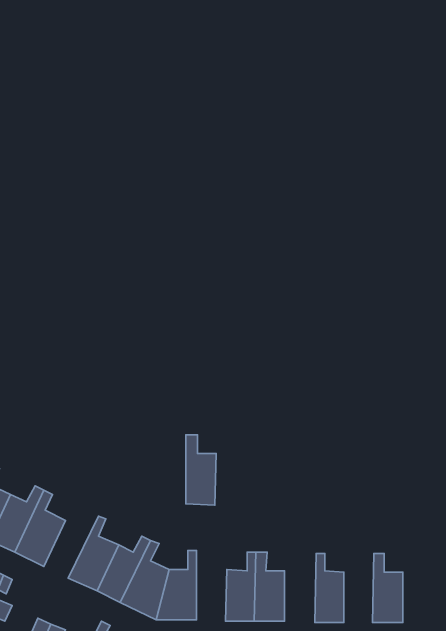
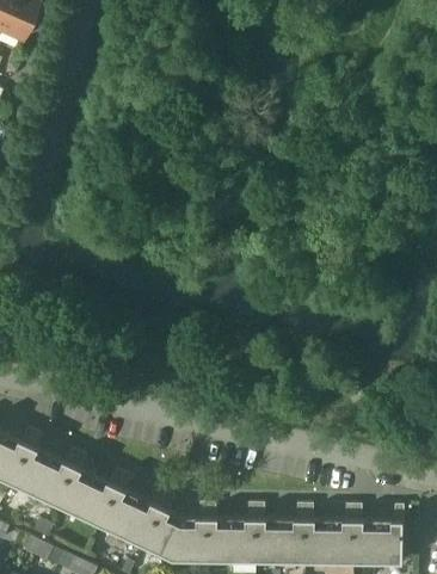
building: [186,435,216,505] -> [208,504,233,562]
building: none -> [81,470,127,526]
building: none -> [281,505,307,563]
building: none -> [330,506,355,563]
building: none -> [378,507,405,564]

